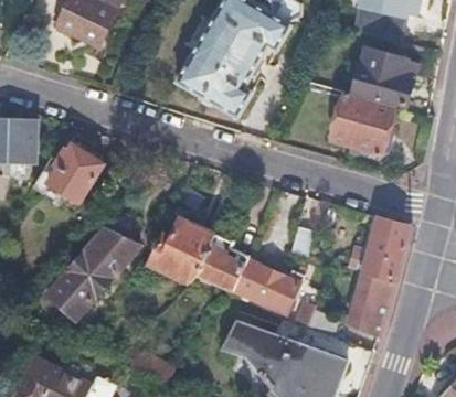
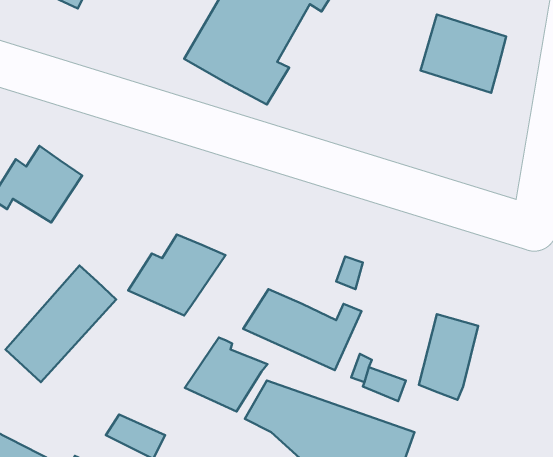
building: [331,90,395,155] -> none
building: [365,216,411,280] -> none
building: [182,227,244,282] -> [185,338,268,411]

